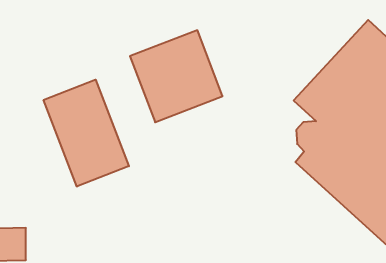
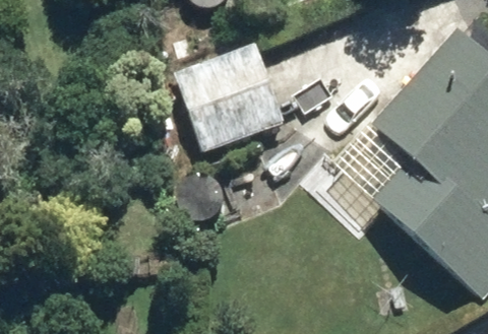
building: [44,80,129,187] -> none

